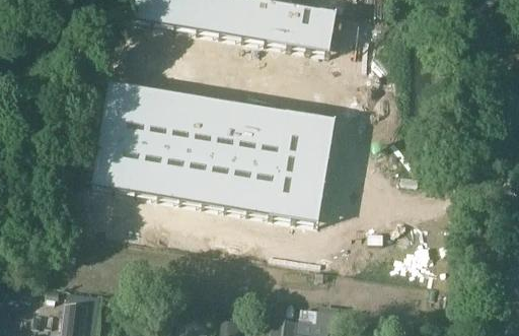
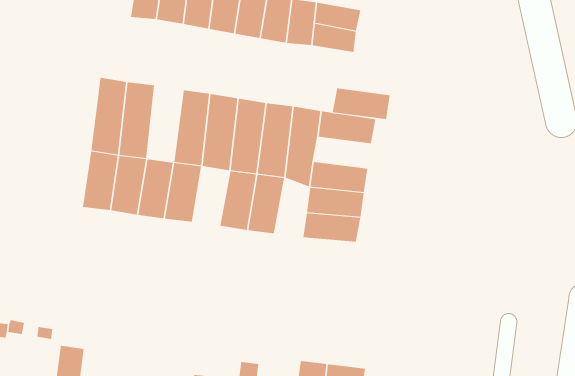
building: [141,80,172,147] -> none
building: [285,125,336,152] -> [332,88,390,120]
building: [180,150,213,202] -> none
building: [251,160,282,212] -> none

